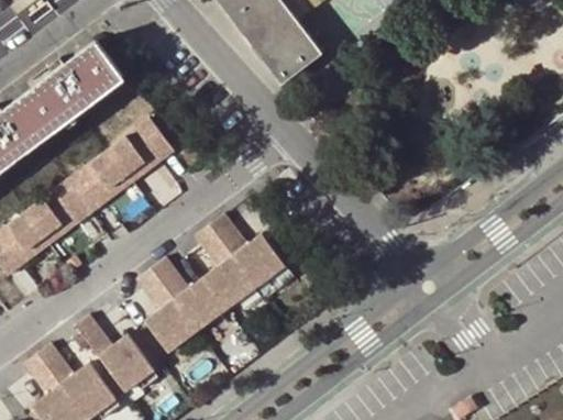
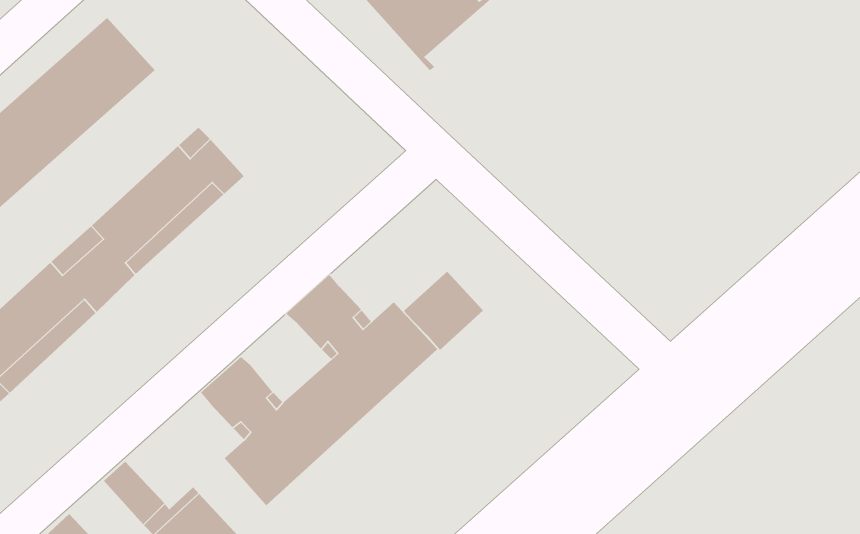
building: none -> [403,271,484,351]

